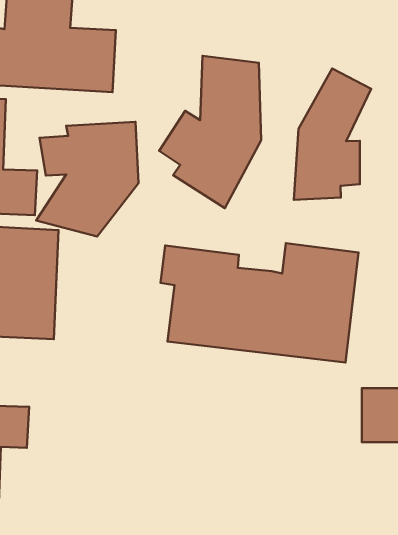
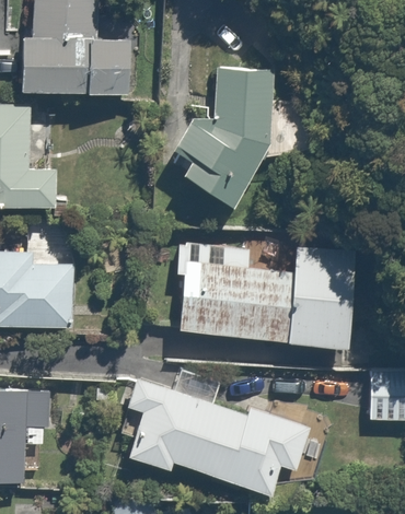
building: [294,68,371,200] -> none
building: [36,122,139,236] -> none
building: none -> [127,371,314,494]

